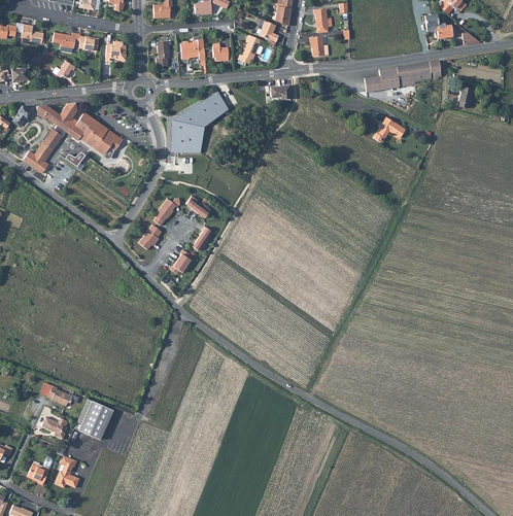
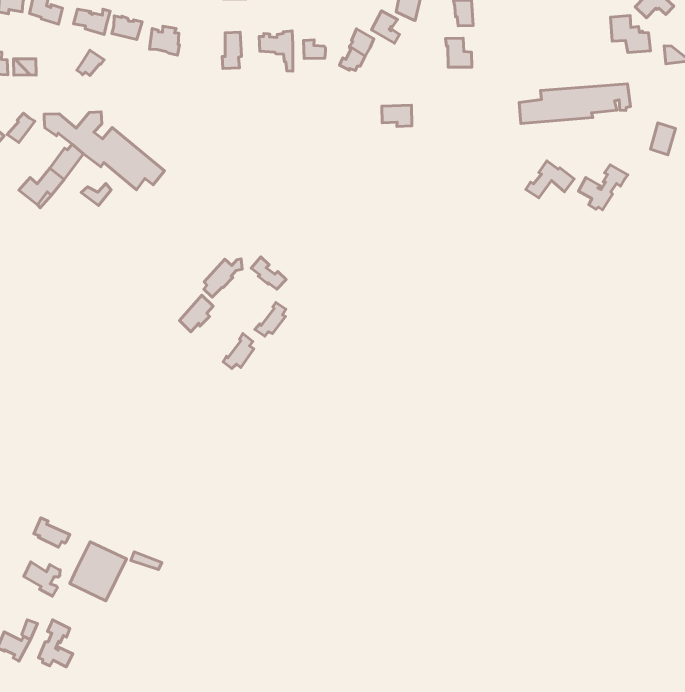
building: [169,92,226,151] -> none
building: none -> [578,165,628,210]

